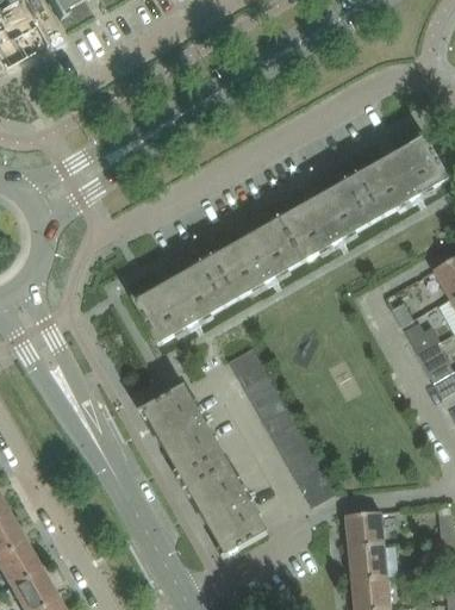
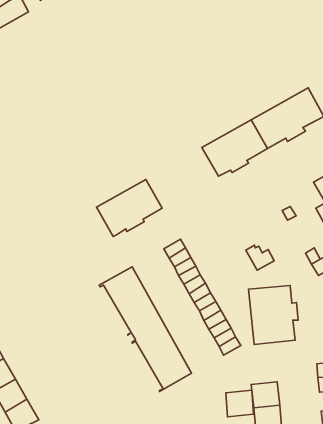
building: [202,218,303,301] -> none
building: [400,316,440,350] -> [246,245,274,270]
building: none -> [249,285,298,345]
building: [345,508,384,544] -> [226,390,254,417]

